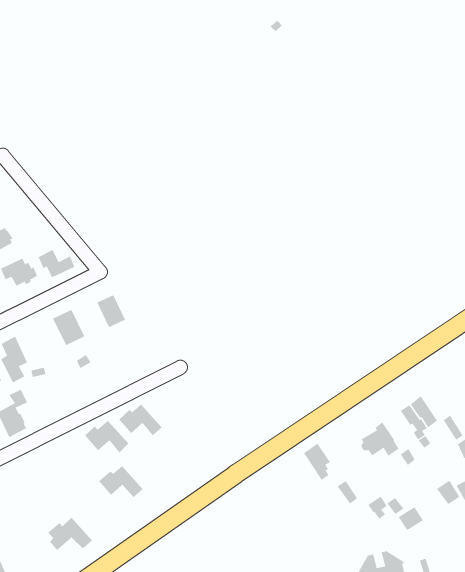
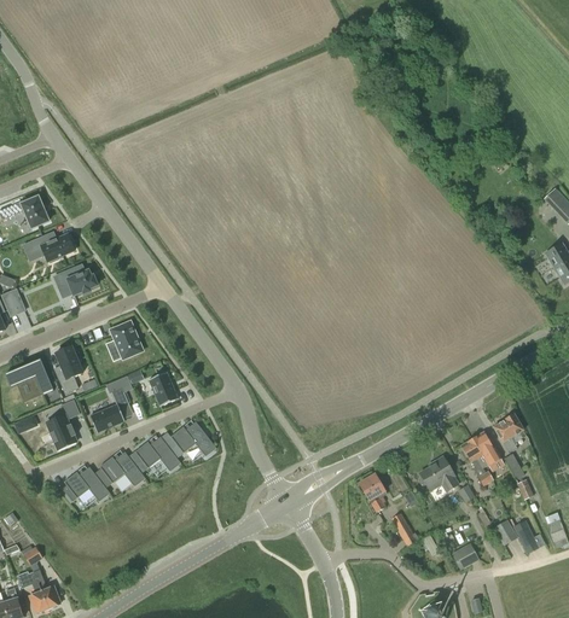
building: [38,249,75,278] -> none
building: [97,295,126,328] -> [147,372,176,406]
building: none -> [88,387,128,433]
building: none -> [492,414,522,453]
building: [98,466,144,498] -> [99,453,145,486]
building: [48,517,93,551] -> [63,467,109,501]

